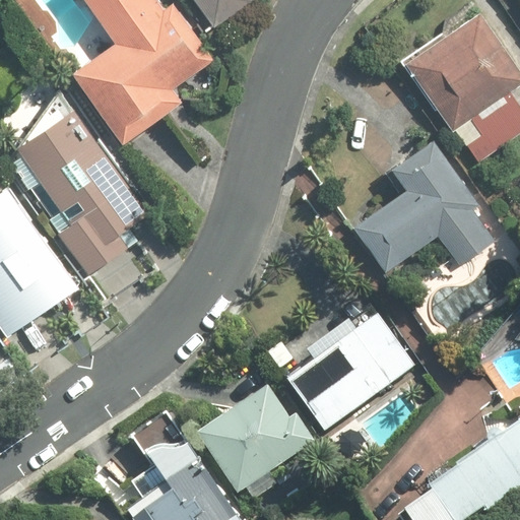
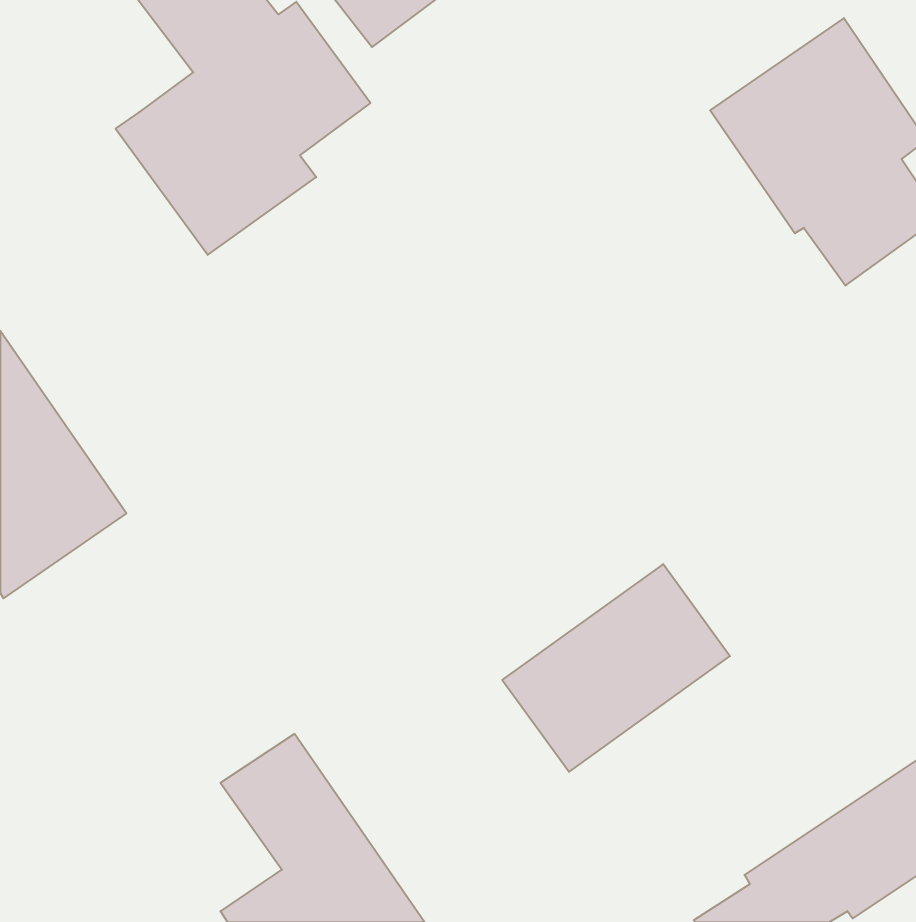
building: [12,108,143,272] -> none
building: [350,138,496,270] -> none
building: [195,389,312,496] -> none

